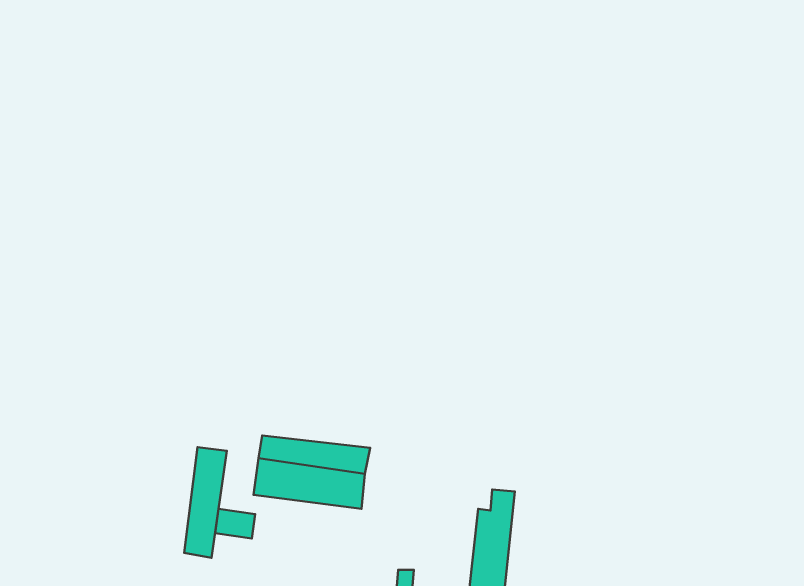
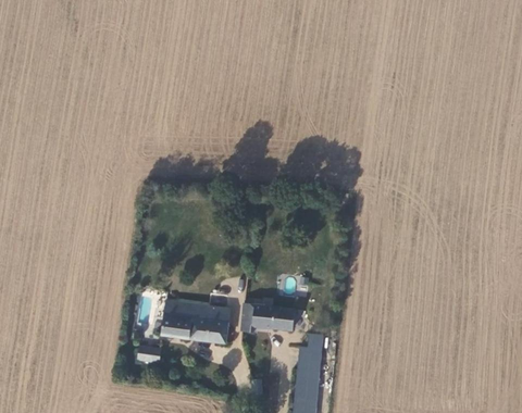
building: none -> [240,302,296,333]
building: [184,447,227,558] -> none

